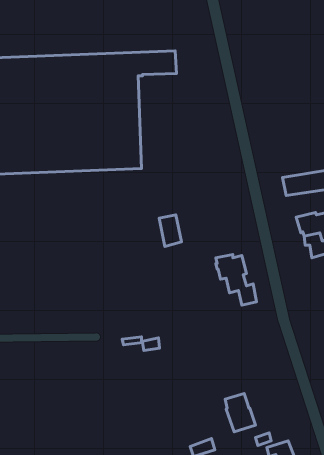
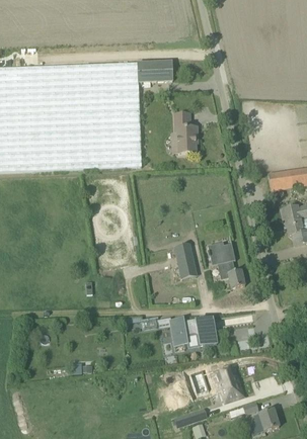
building: none -> [174,112,197,152]
building: [159,215,182,246] -> [174,243,195,271]
building: none -> [170,317,216,345]

